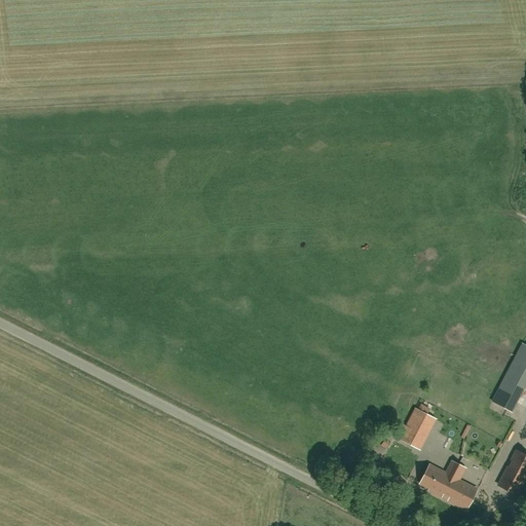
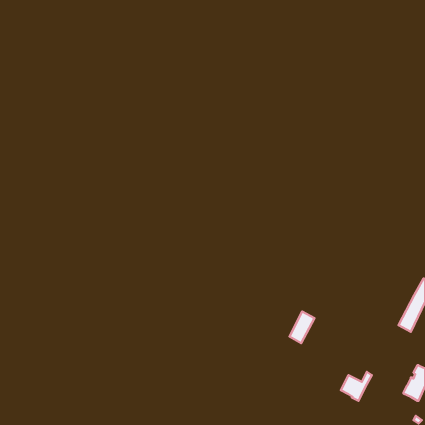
building: [400,408,430,447] -> [290,311,314,343]
building: [443,463,478,508] -> none

